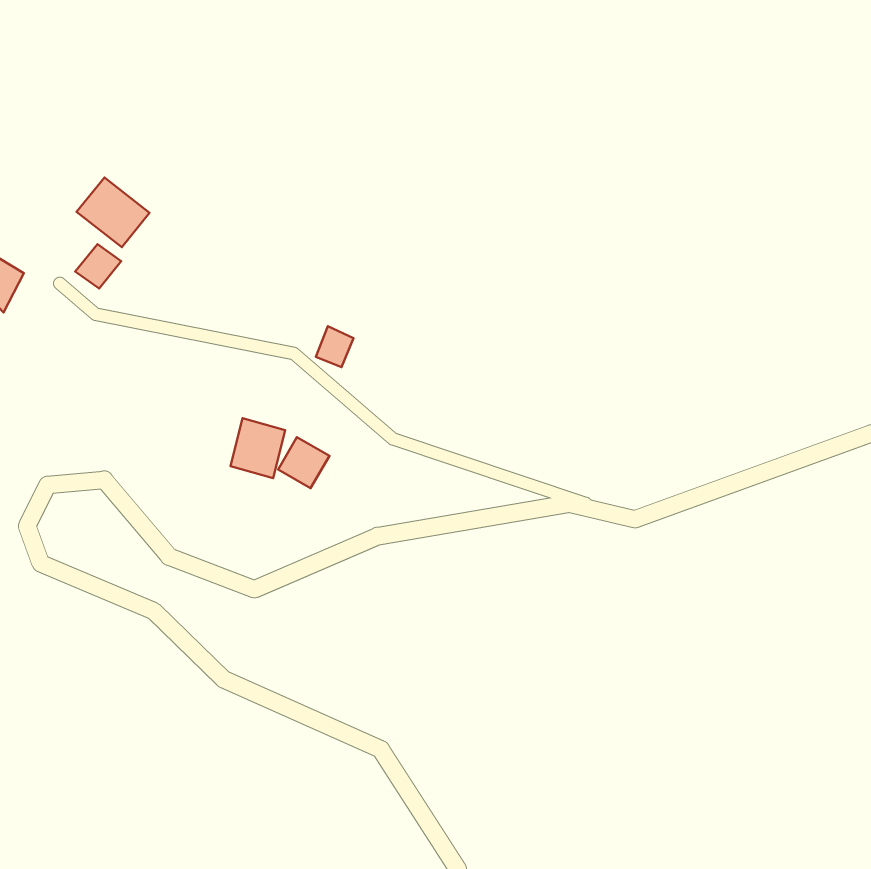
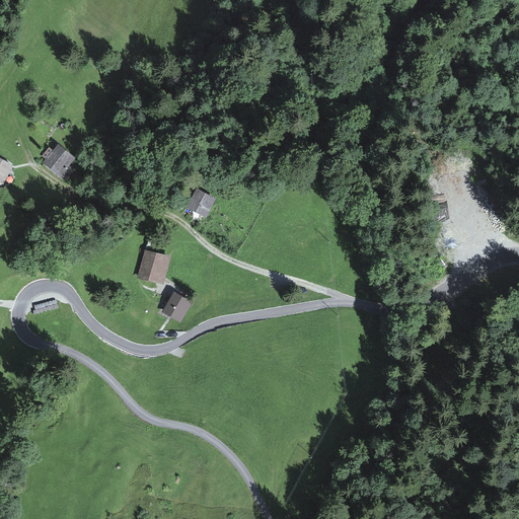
building: [77,178,150,247] -> none
building: [278,437,329,488] -> [161,291,192,321]

